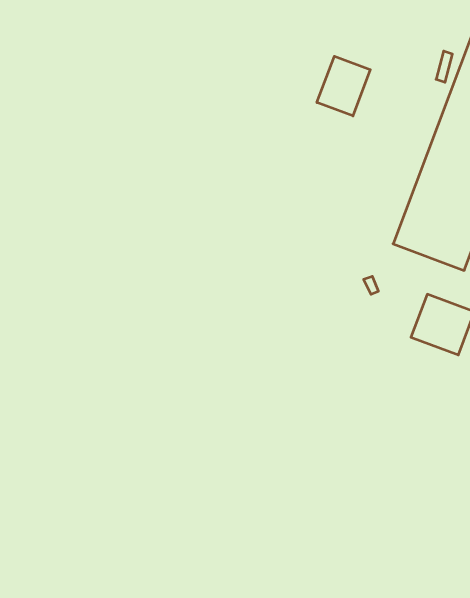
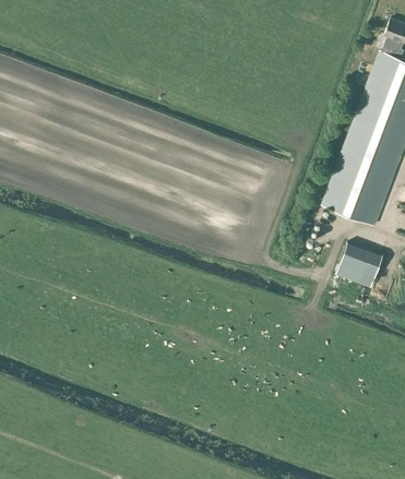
building: [317,56,370,116] -> none

